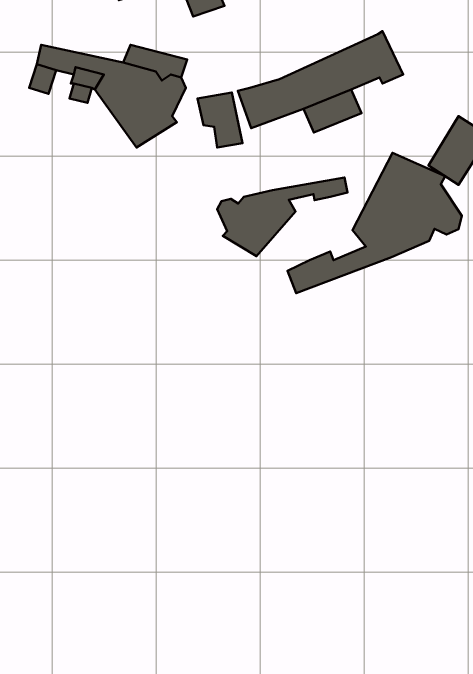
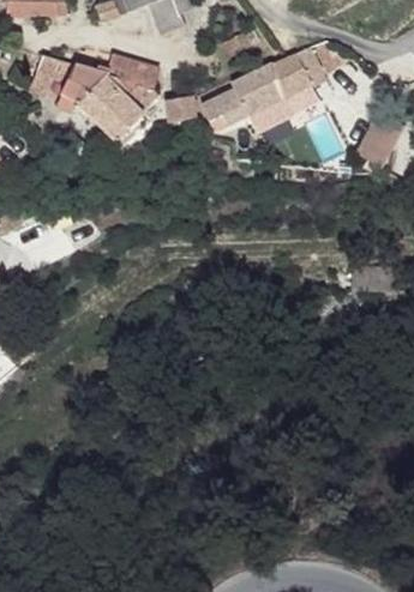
building: [287,153,462,293] -> none
building: [217,177,347,256] -> none

